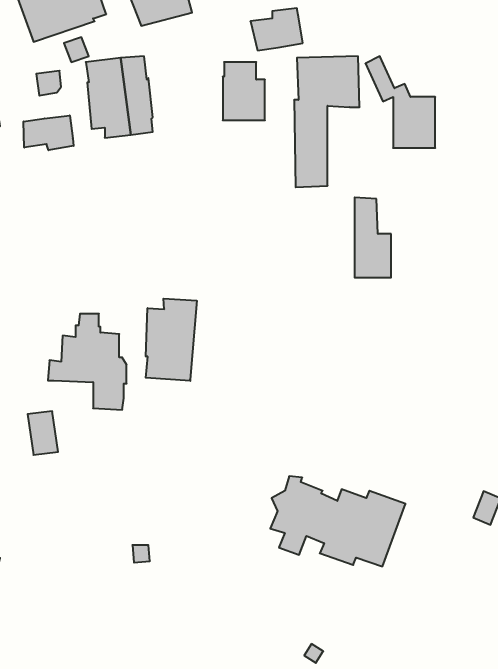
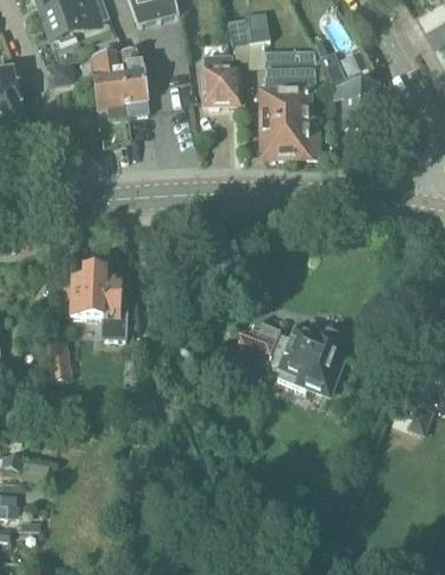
building: [24,115,74,150] -> none
building: [355,197,391,278] -> [290,89,320,155]
building: [146,299,197,381] -> none
building: [270,476,406,566] -> [238,317,349,390]

